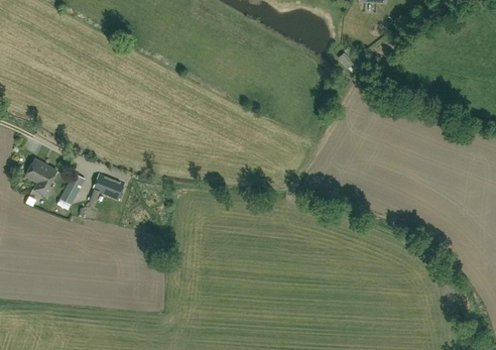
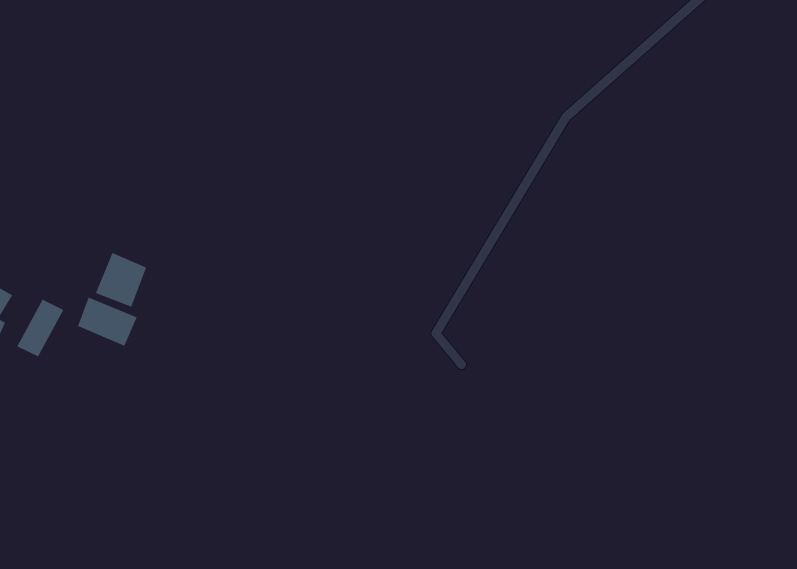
building: none -> [95,252,147,307]

